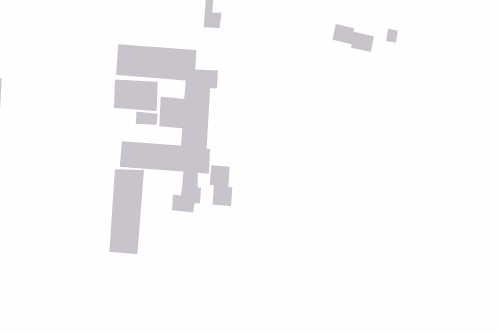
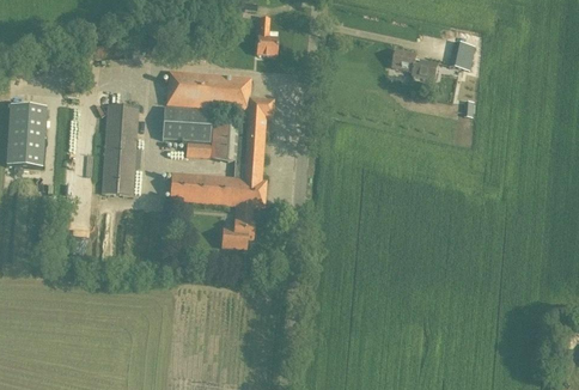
building: [209,165,233,207] -> none
building: [108,168,145,255] -> [102,104,140,195]

